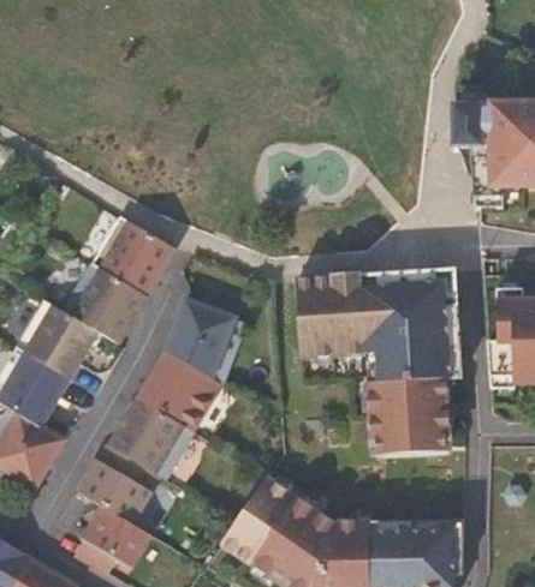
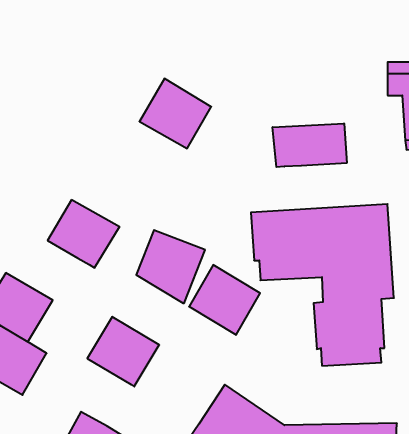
building: none -> [273,123,347,167]
building: [91,214,174,294] -> [139,79,211,148]
building: [16,298,99,378] -> none
building: [138,349,220,430] -> [189,265,260,335]
building: [78,443,160,523] -> none

